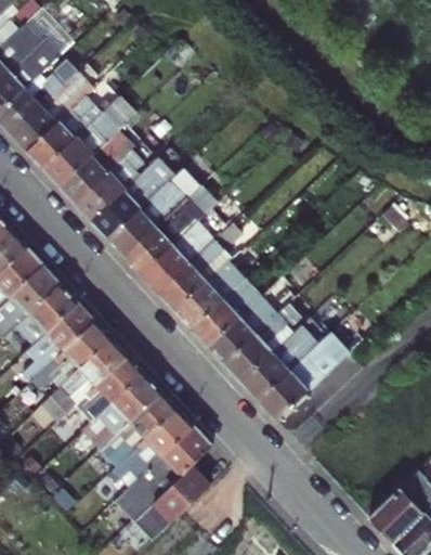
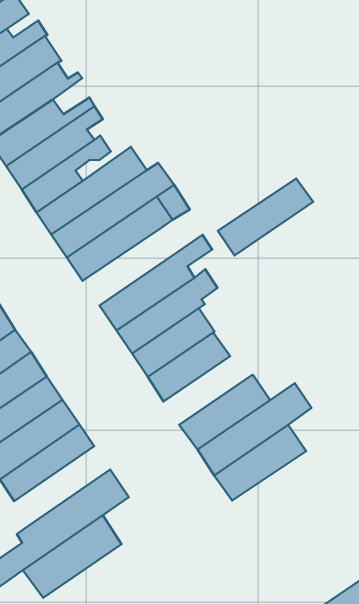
building: [140,217,216,289] -> [218,178,313,256]
building: [223,302,299,378] -> none
building: [107,408,187,486] -> none

